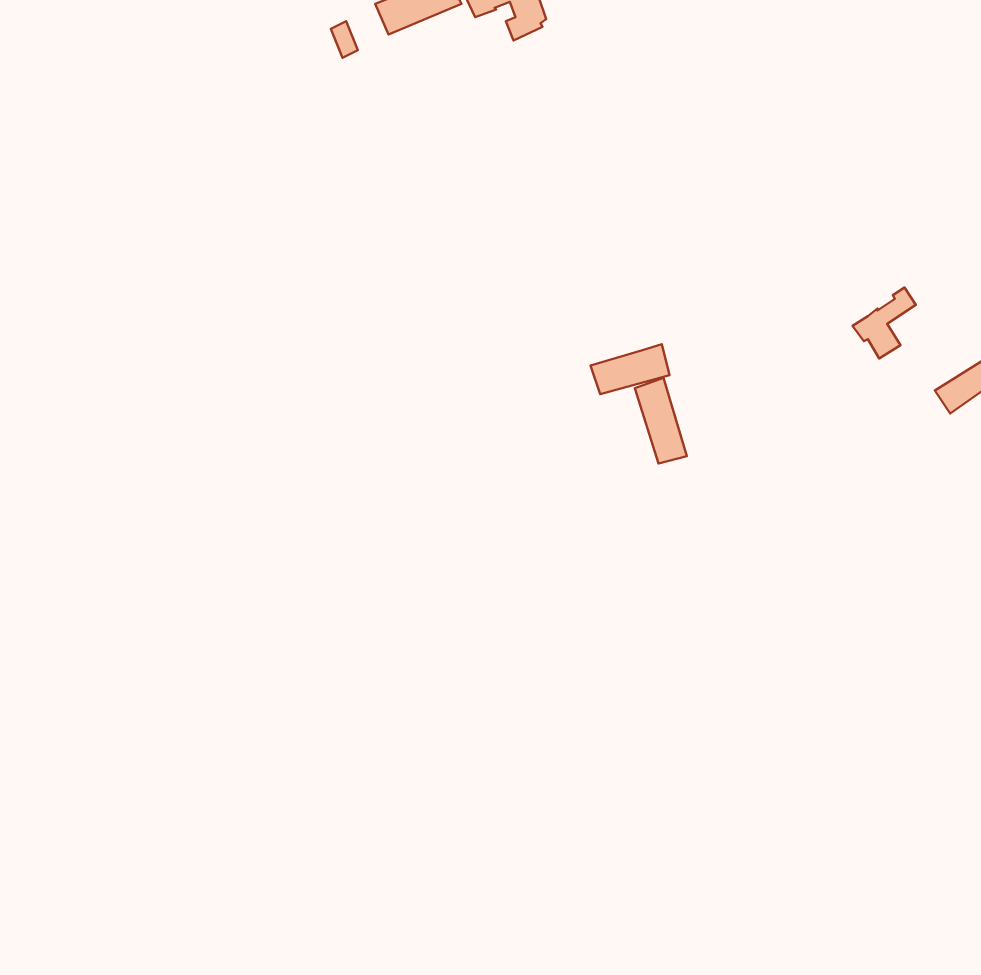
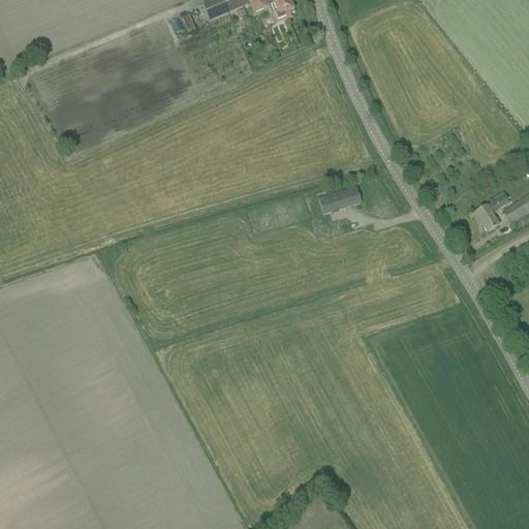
building: [852,287,916,359] -> [473,192,507,230]
building: [635,378,687,463] -> none

